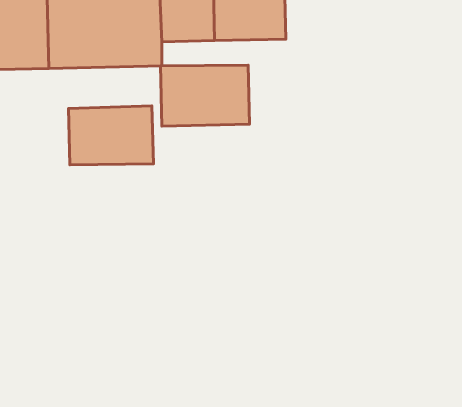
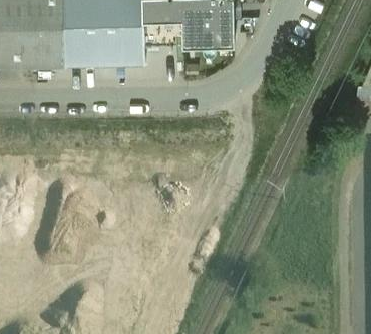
building: [161,65,249,126] -> none
building: [69,106,153,165] -> none

